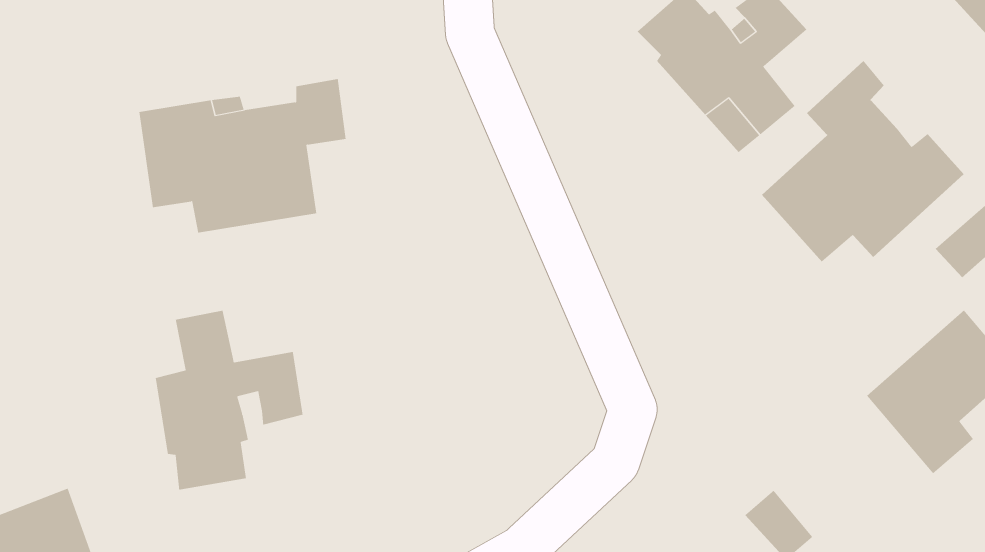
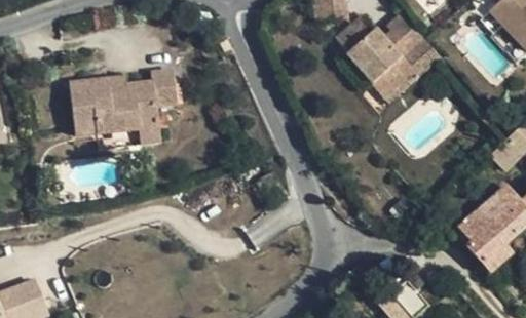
building: [761,60,964,263] -> none
building: [155,310,303,490] -> none

